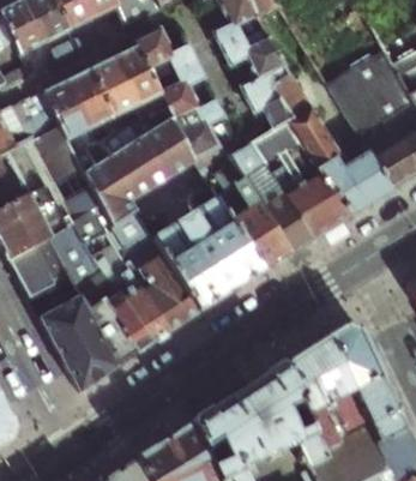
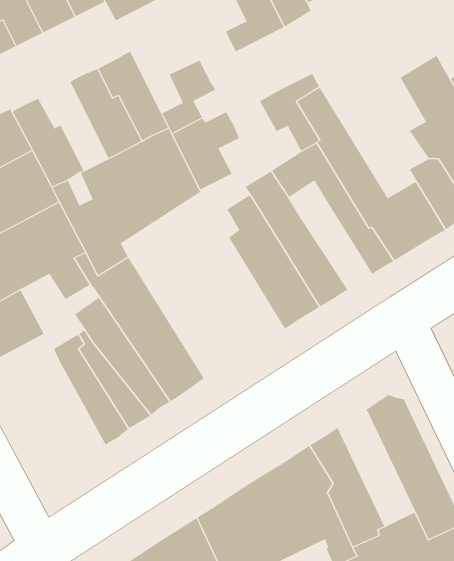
building: [134,25,194,73] -> none
building: [223,25,285,76] -> none
building: [327,66,379,140] -> none
building: [64,70,120,142] -> none
building: [273,162,333,238] -> none
building: [152,196,263,309] -> none
building: [49,226,101,285] -> none
building: [38,294,117,390] -> none
building: [306,335,368,429] -> none

